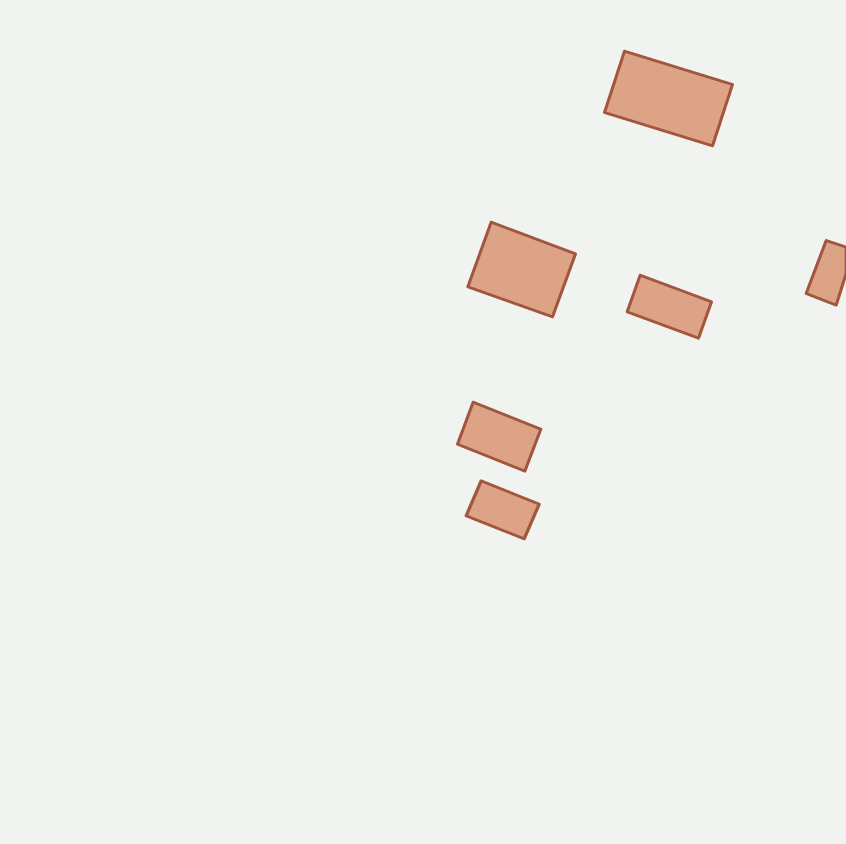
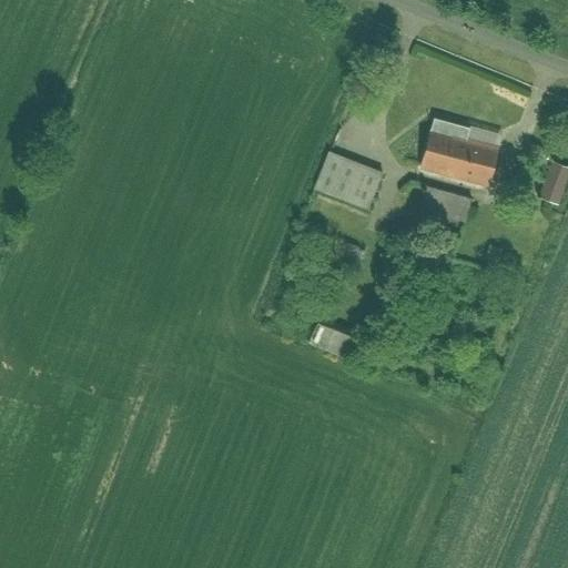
building: [605,51,732,146] -> [417,124,503,187]
building: [457,402,541,471] -> none

